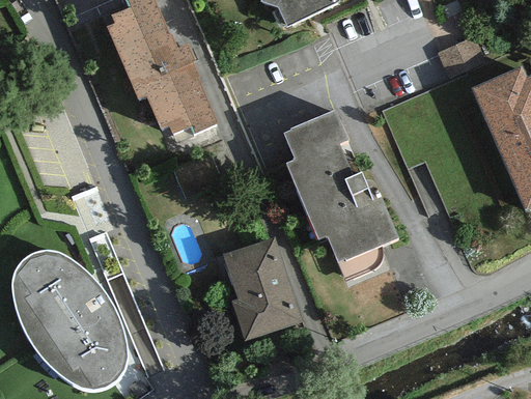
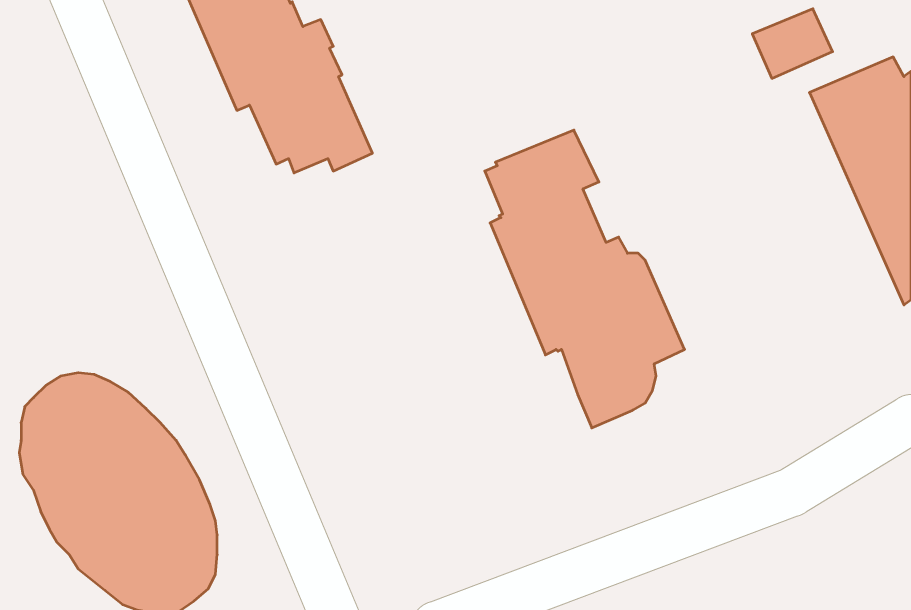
building: [222,236,302,340] -> none

